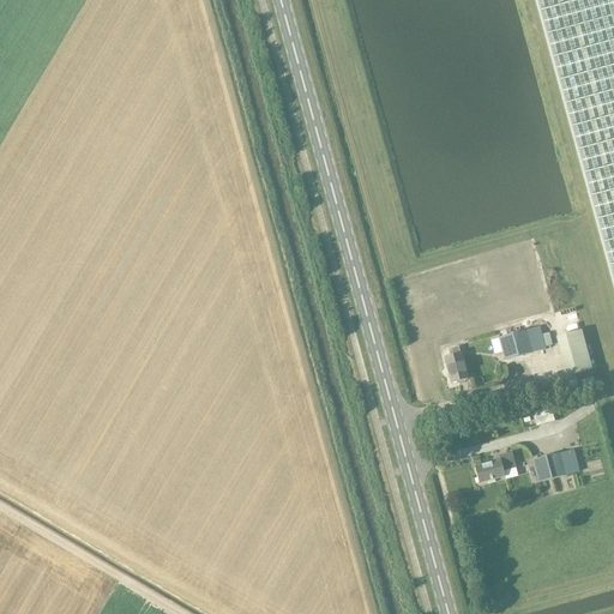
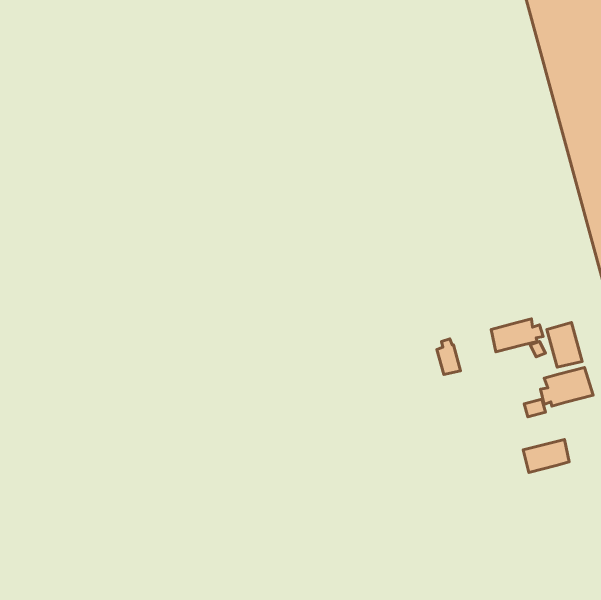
building: none -> [541,368,593,406]
building: [476,455,517,481] -> none

